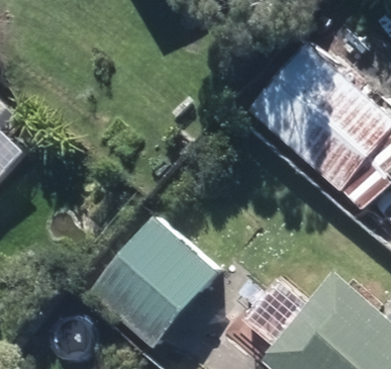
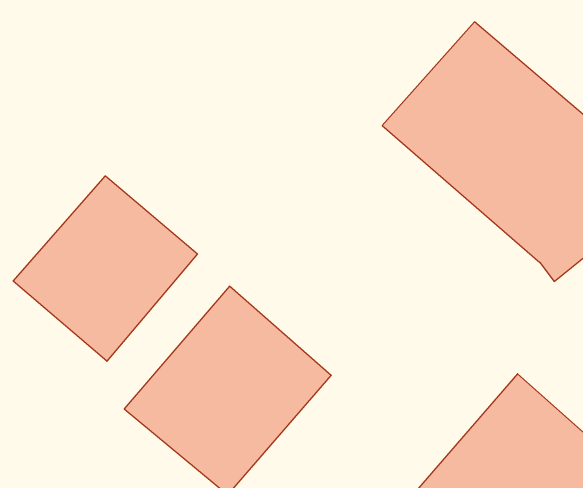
building: none -> [13,176,197,361]

